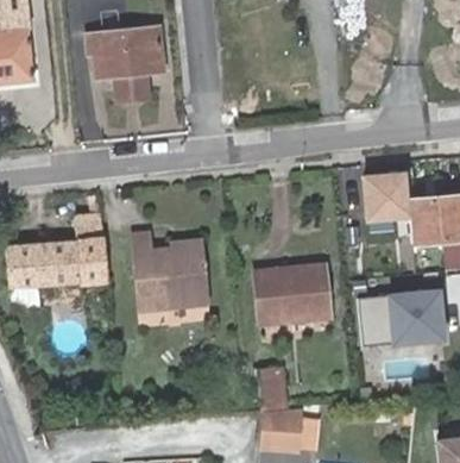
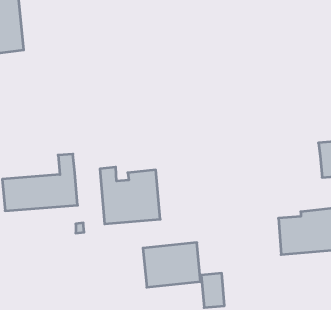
building: [87,29,164,105] -> none
building: [366,174,412,221] -> none
building: [256,261,329,318] -> [143,243,201,287]

